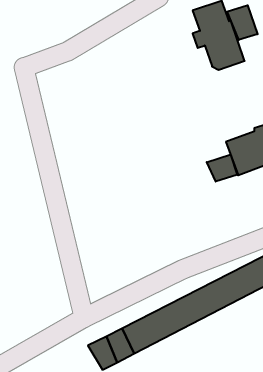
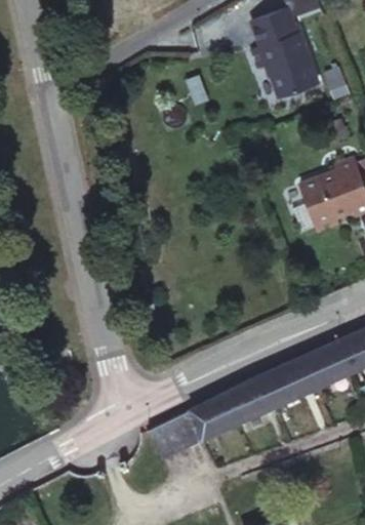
building: [227,5,258,40] -> none
building: [207,155,237,182] -> none

